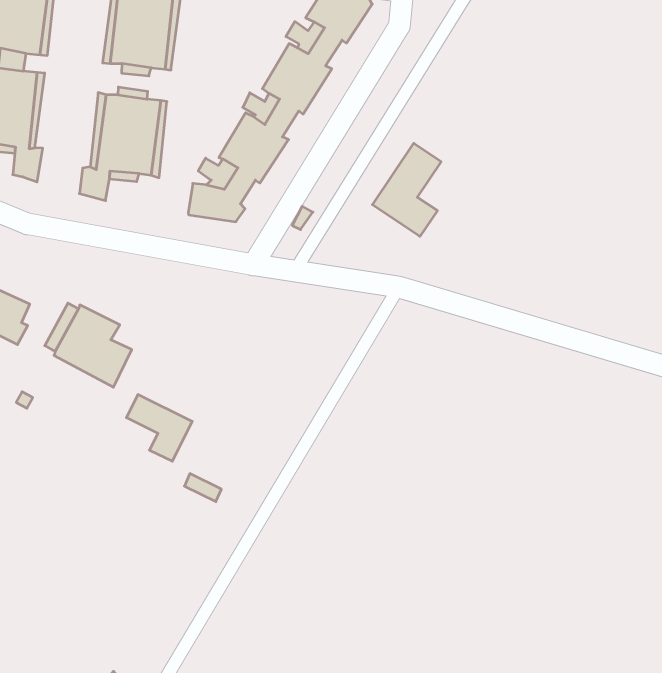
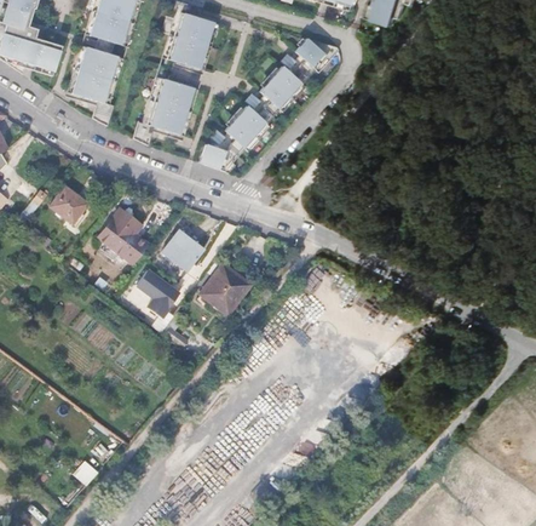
building: [372,143,441,236] -> none
building: none -> [162,229,203,269]
building: none -> [201,263,250,313]

